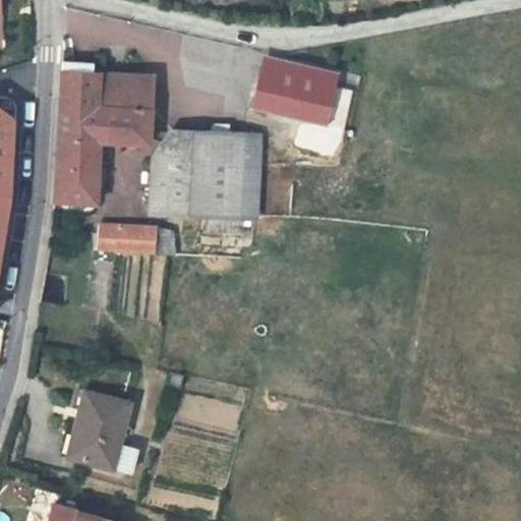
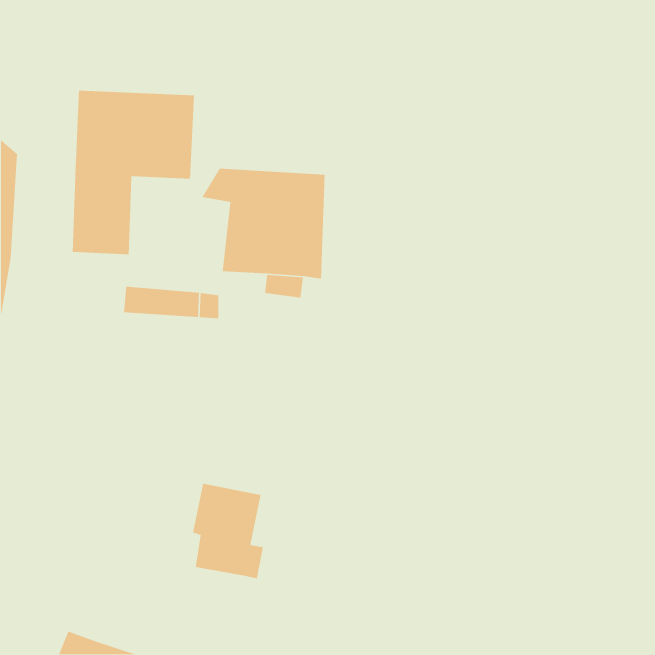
building: [254,58,338,115] -> none
building: [154,157,182,216] -> none
building: [73,392,130,468] -> [192,483,264,579]

